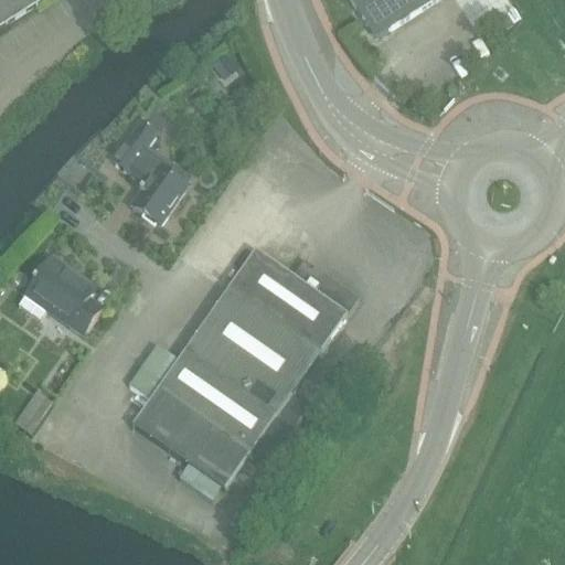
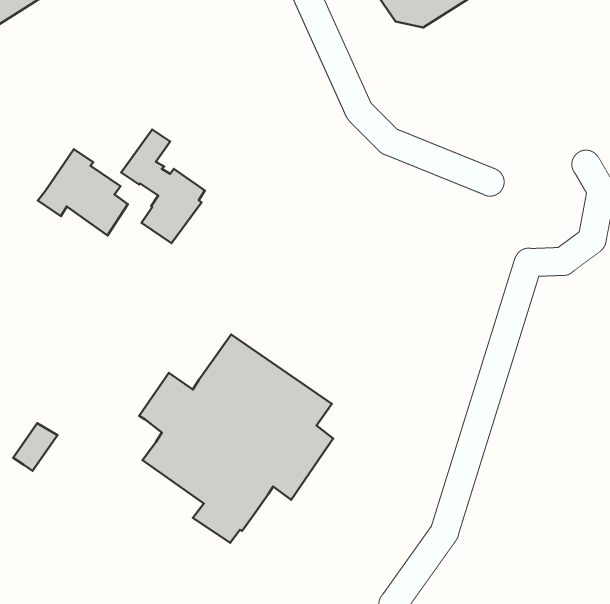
building: [213,248,358,372] -> none
building: [18,255,100,334] -> [38,149,128,235]

